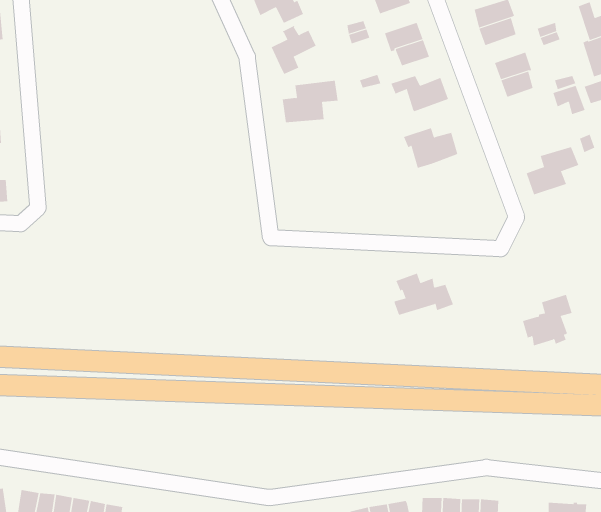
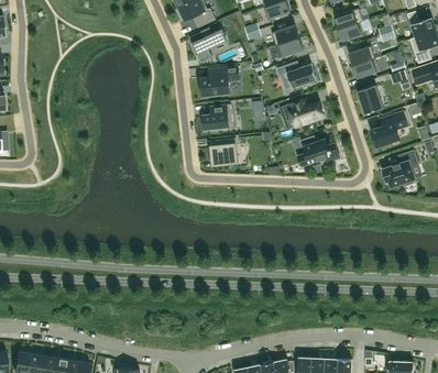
building: none -> [357,85,384,114]
building: none -> [202,105,233,131]
building: none -> [210,139,238,166]
building: [394,273,454,315] -> [298,135,340,165]
building: [522,294,573,346] -> [383,151,418,187]

